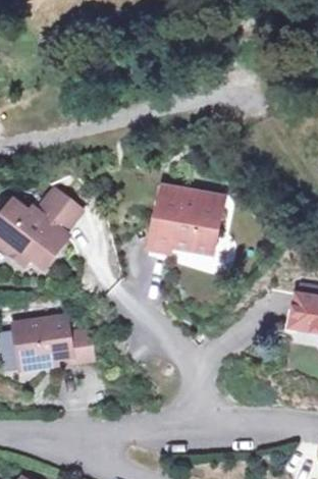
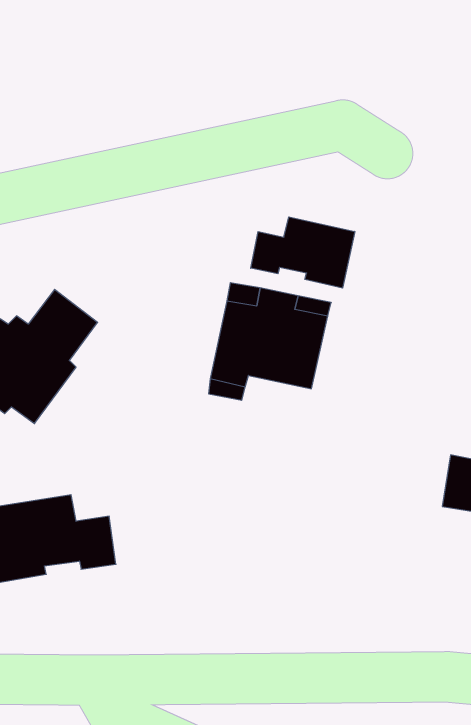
building: none -> [251,217,355,288]

